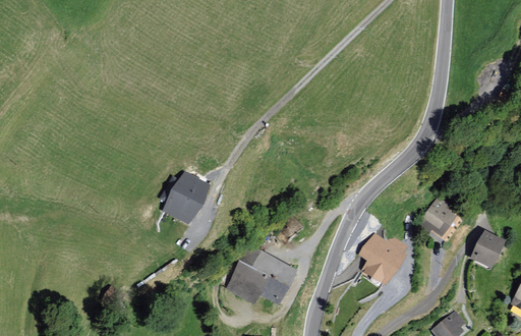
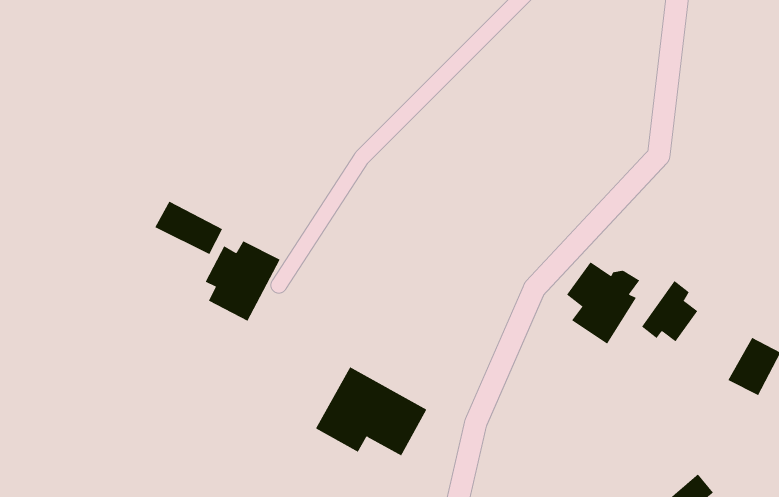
building: none -> [155,201,223,255]
building: [360,234,404,283] -> [566,262,640,344]

